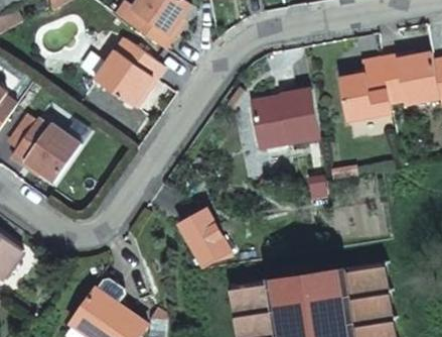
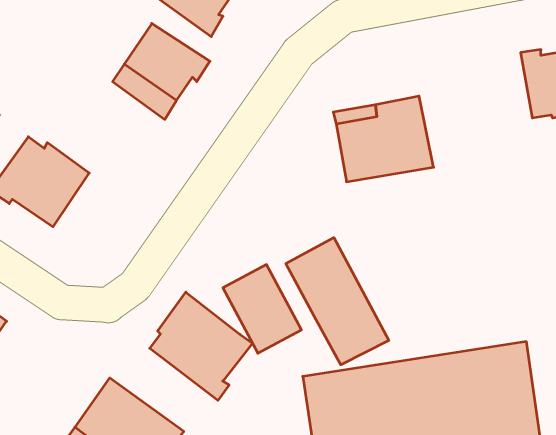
building: [336,58,390,119] -> none
building: none -> [286,238,389,365]
building: none -> [150,292,252,400]

